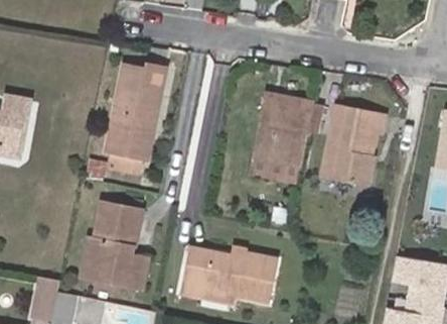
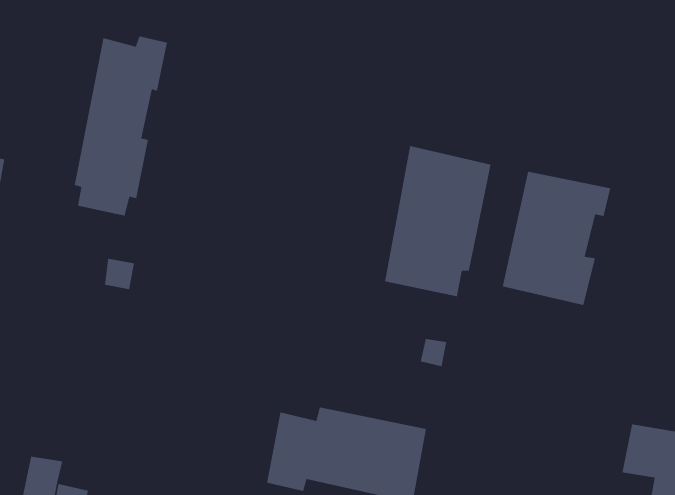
building: [109,63,164,170] -> [74,35,168,216]
building: [83,201,147,286] -> none

